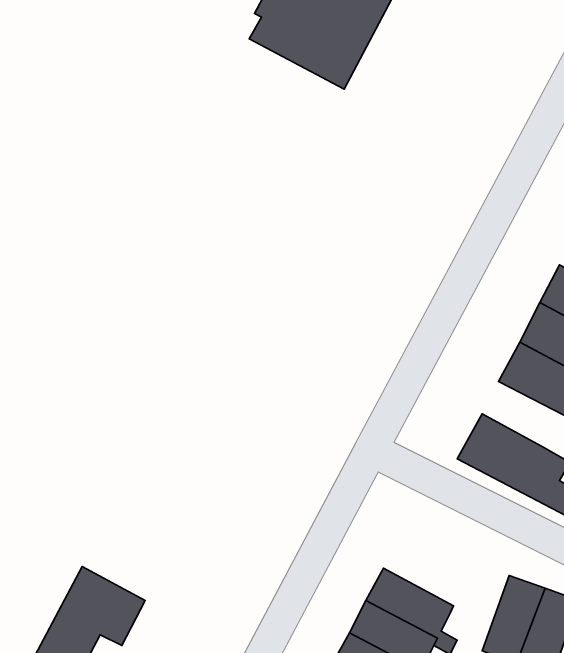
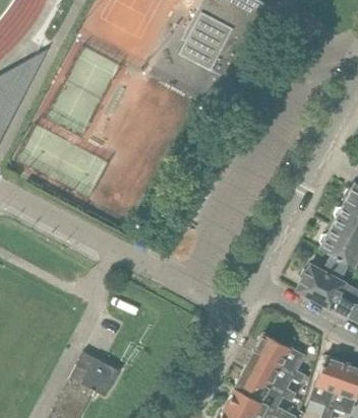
building: none -> [254,335,305,382]

